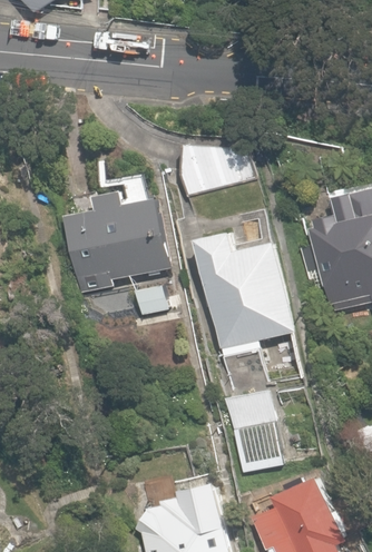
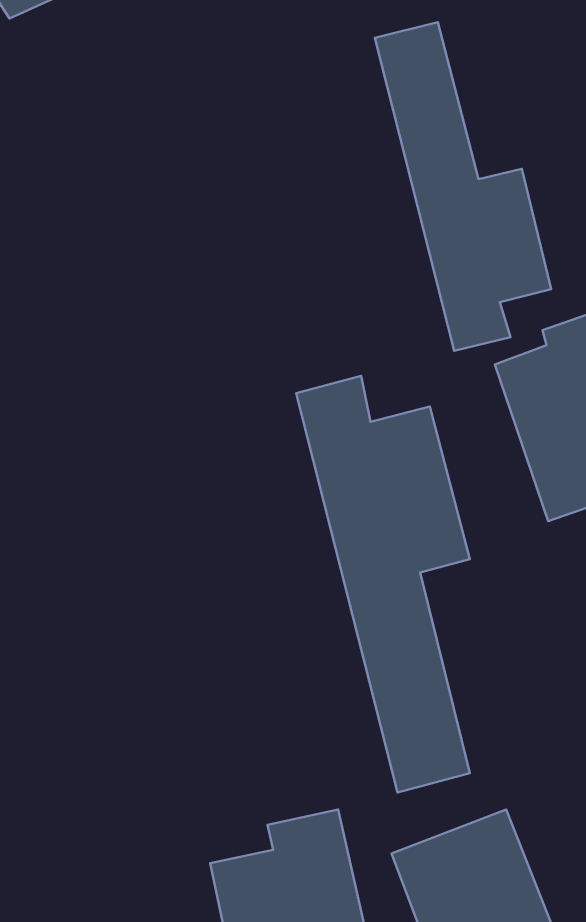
building: none -> [375,22,551,351]
building: [65,185,165,298] -> none

